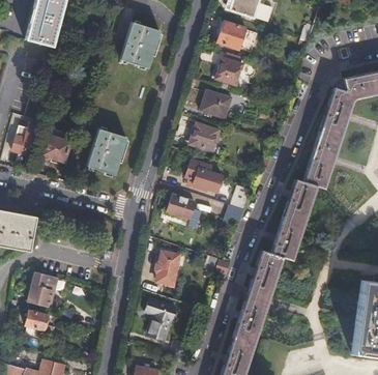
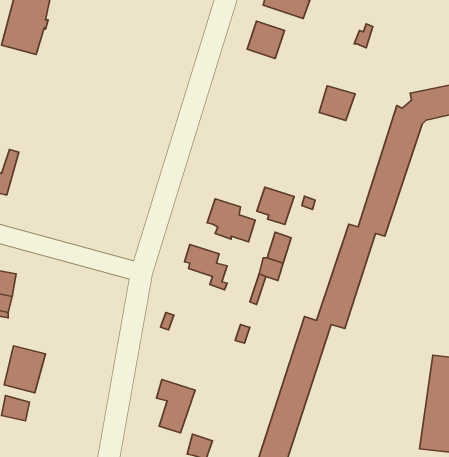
building: [120,22,161,68] -> none
building: [215,58,243,85] -> [319,86,355,121]
building: [200,89,231,118] -> none
building: [191,122,220,151] -> [257,187,294,225]
building: [88,128,127,175] -> none
building: [41,129,72,162] -> none
building: [157,251,180,277] -> none

